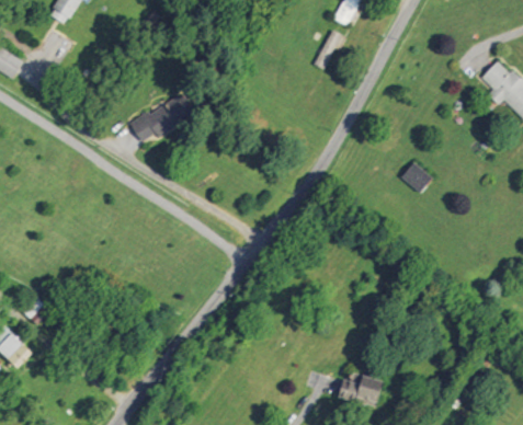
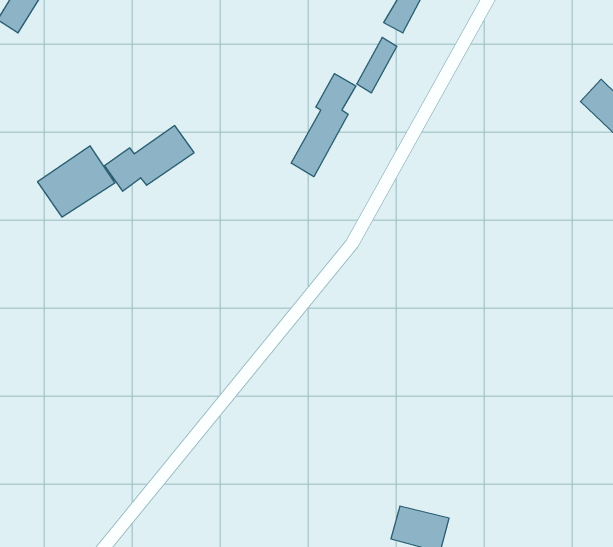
building: none -> [291,74,356,177]
building: none -> [38,146,115,217]
building: [401,162,431,192] -> none

